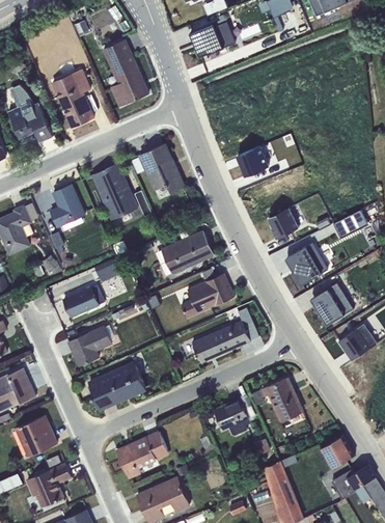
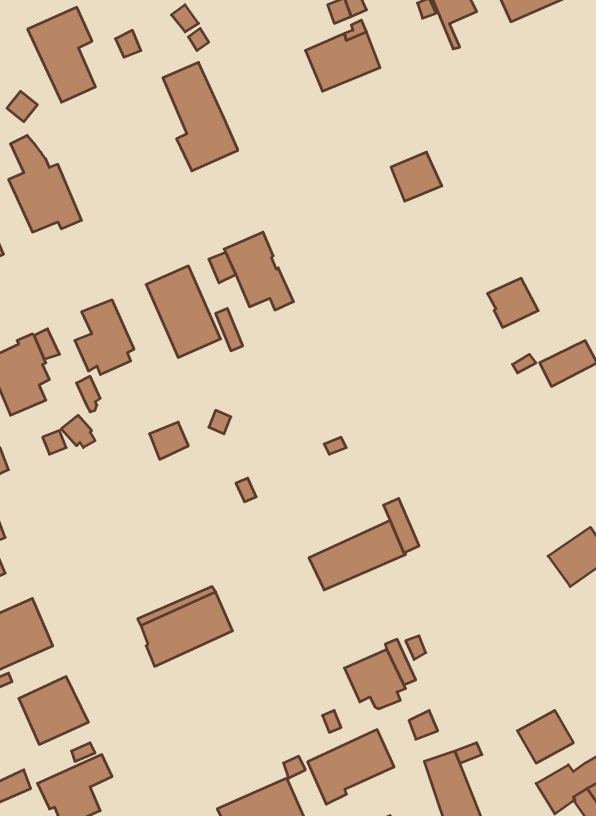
building: [52,68,93,127] -> [28,7,95,102]
building: [238,145,269,175] -> [391,152,442,201]
building: [268,208,299,238] -> [487,278,538,327]
building: [156,228,213,276] -> none
building: [285,242,328,284] -> none
building: [181,273,235,318] -> none
building: [313,282,354,325] -> none
building: [63,284,105,316] -> none
building: [68,325,115,365] -> none
building: [262,378,302,420] -> none
building: [116,432,169,477] -> [308,730,394,804]

